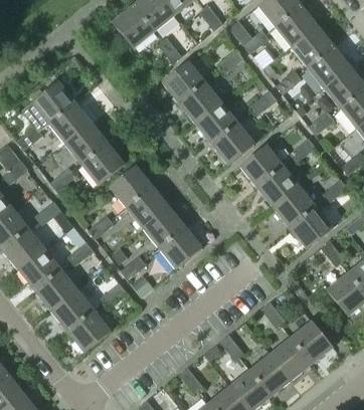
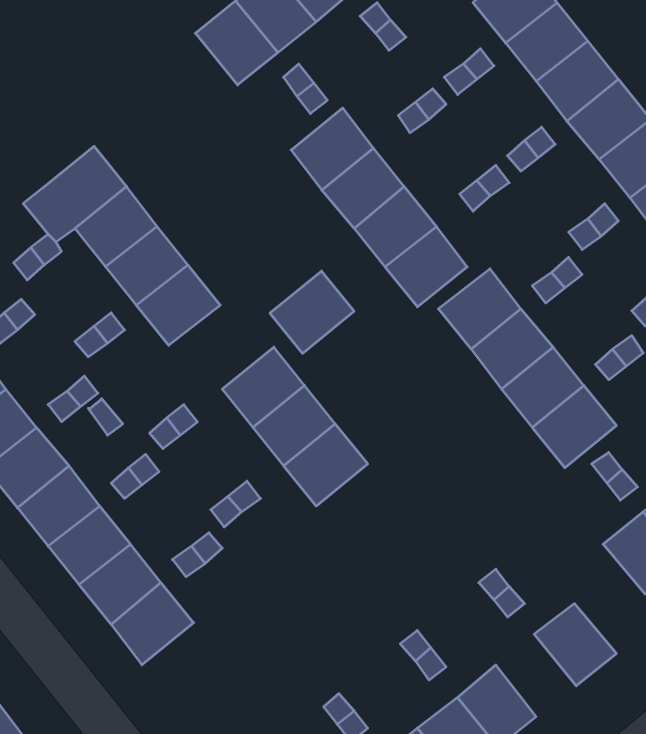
building: [109,165,153,208] -> [270,271,354,353]
building: [269,337,312,380] -> none

